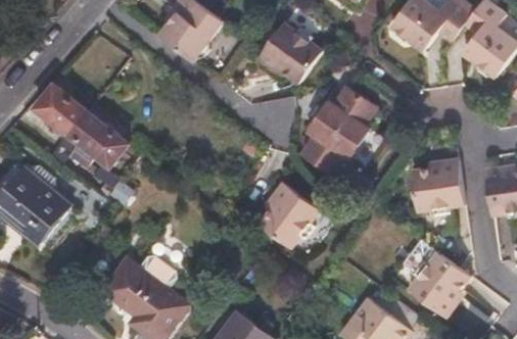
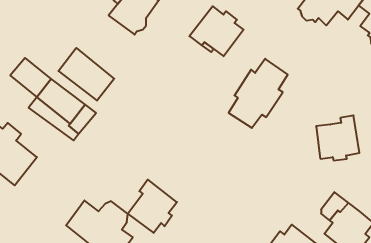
building: none -> [58,48,114,101]
building: [256,182,317,247] -> [128,180,177,233]

